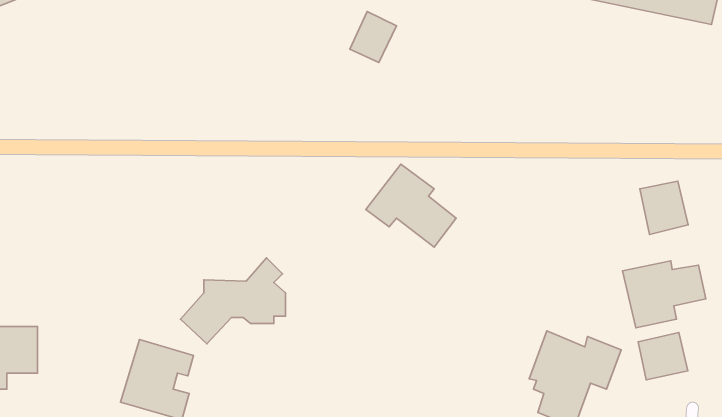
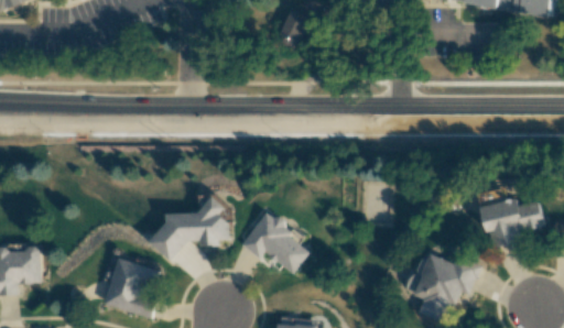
building: [366,164,456,247] -> [241,210,310,273]
building: [640,181,688,234] -> none
building: [638,333,688,380] -> none

